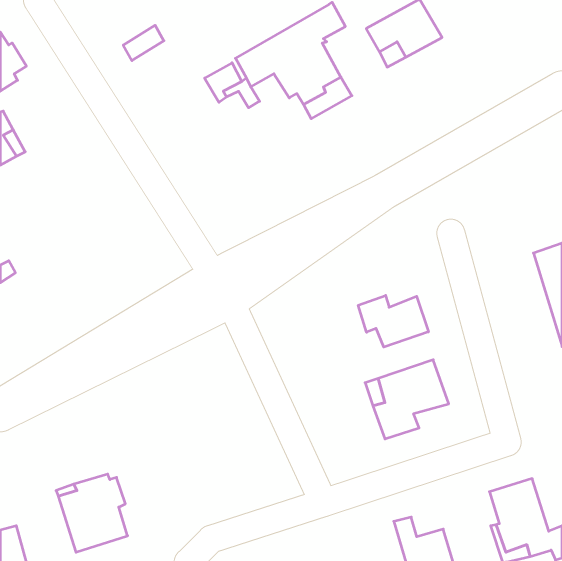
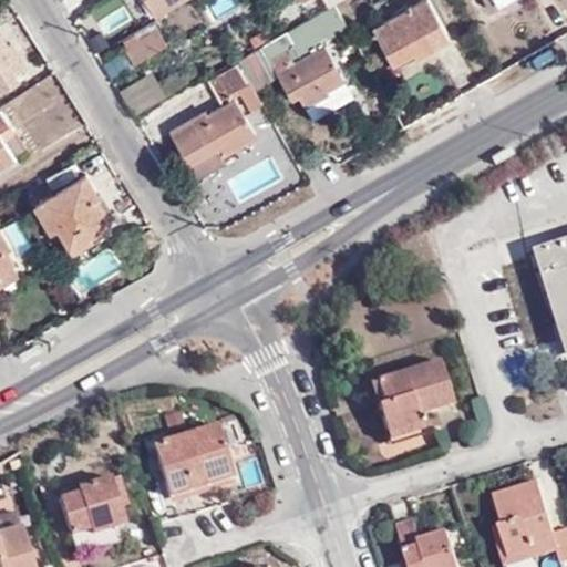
building: none -> [169,101,254,176]
building: none -> [27,175,103,249]
building: [358,295,428,347] -> none
building: none -> [152,426,234,499]

